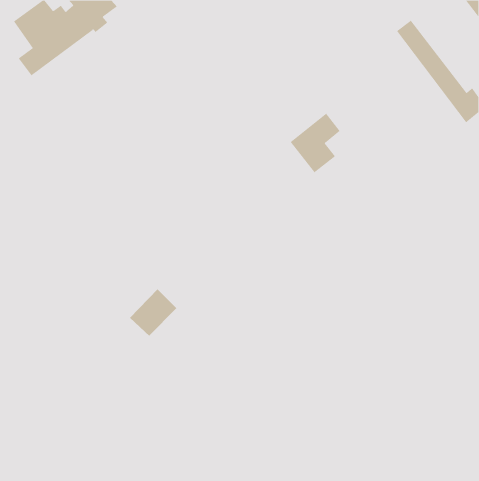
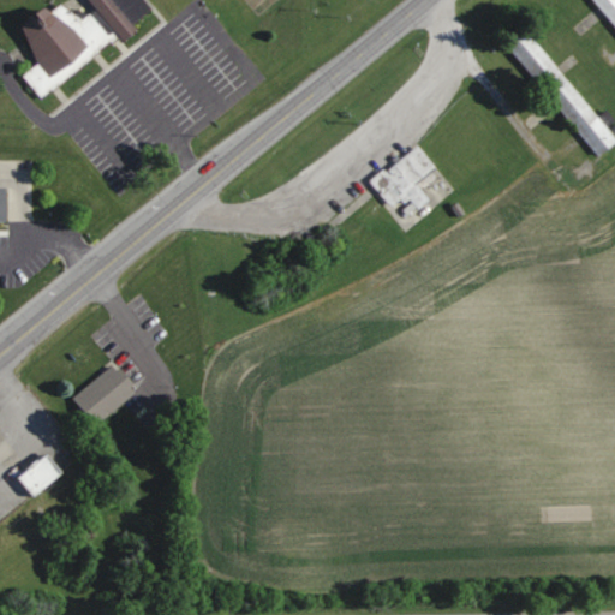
building: [129,289,177,337] -> [72,364,133,425]
building: none -> [17,454,61,496]

